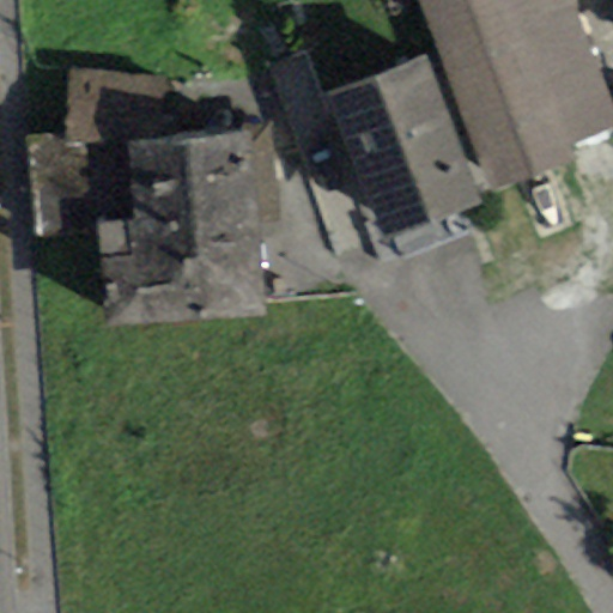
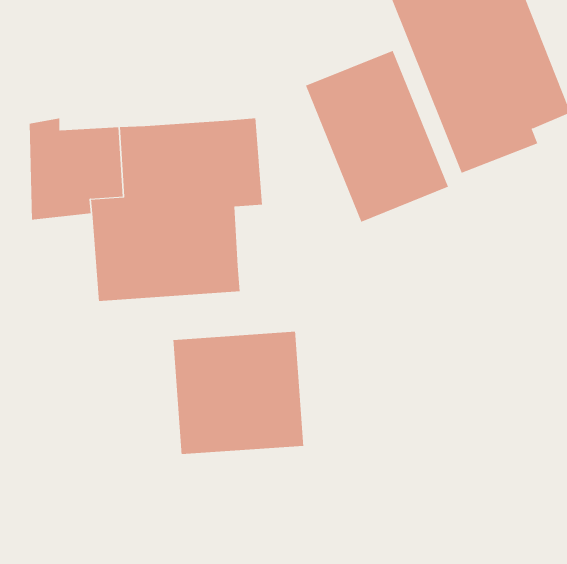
building: [67,66,166,140] -> none
building: none -> [173,331,304,455]

